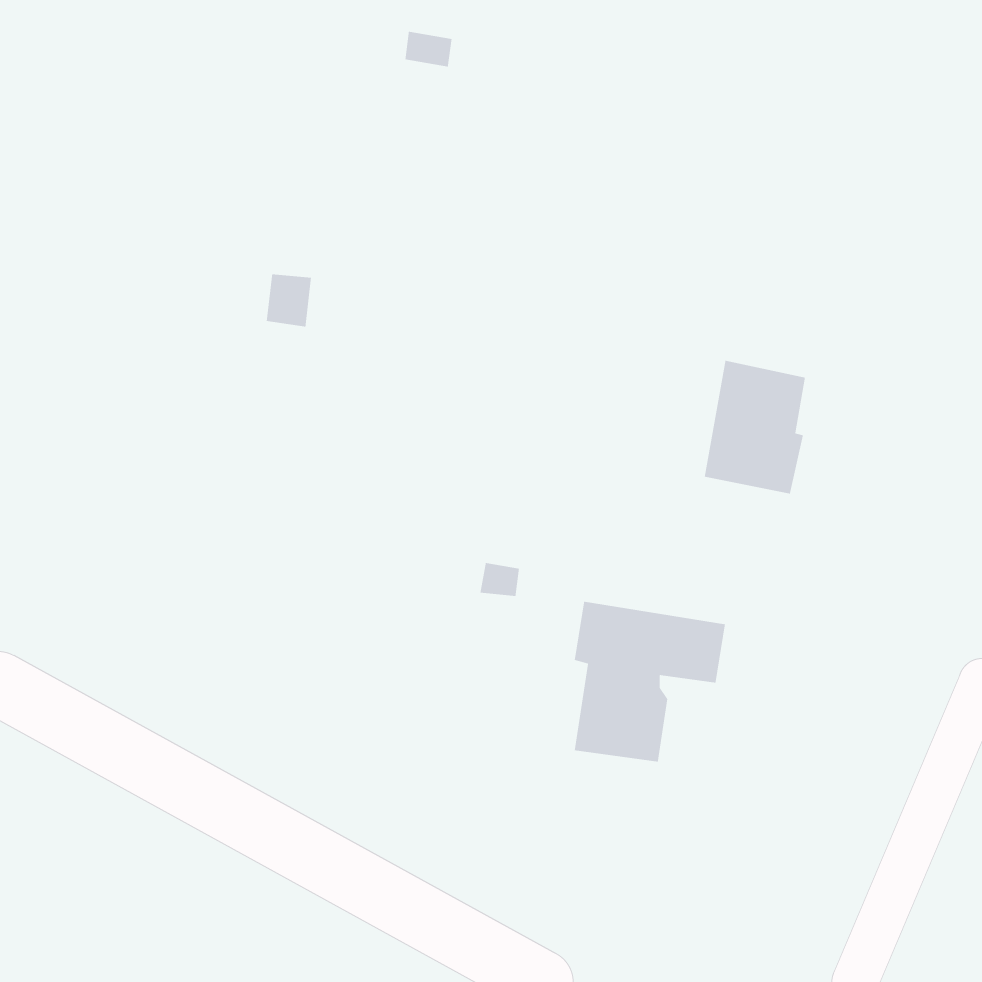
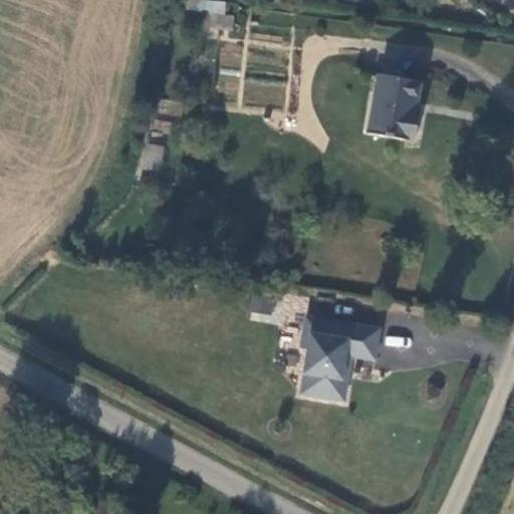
building: [704,360,806,495] -> [370,75,424,146]

